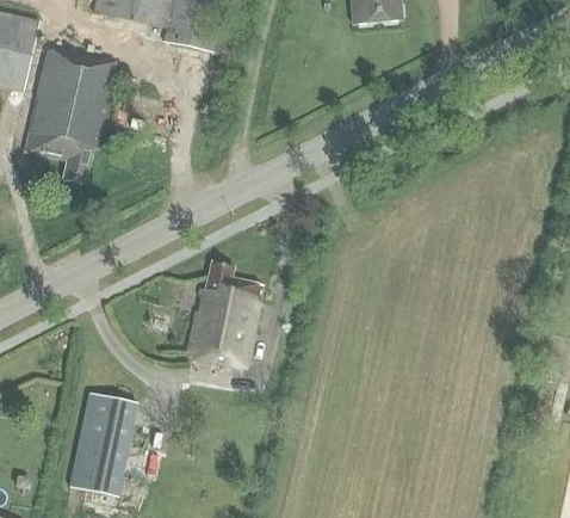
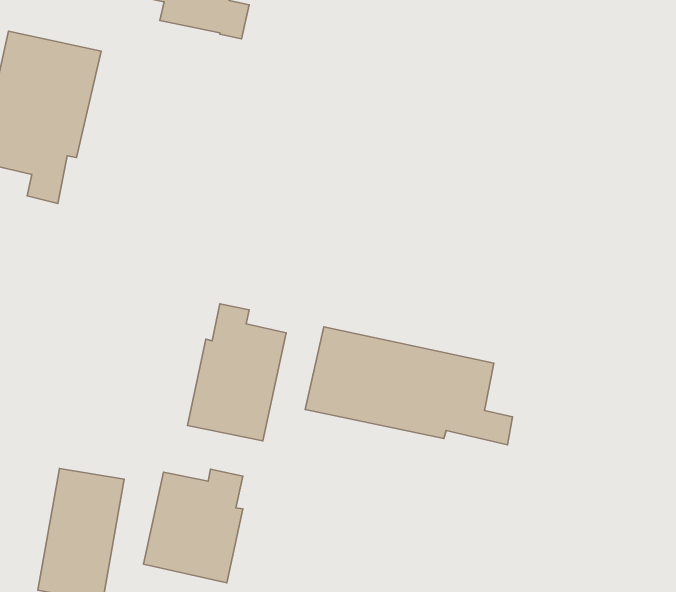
building: none -> [305,327,513,445]
building: none -> [144,469,243,583]

